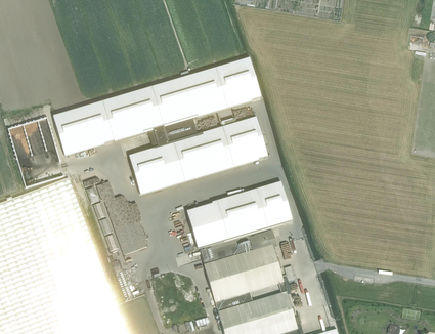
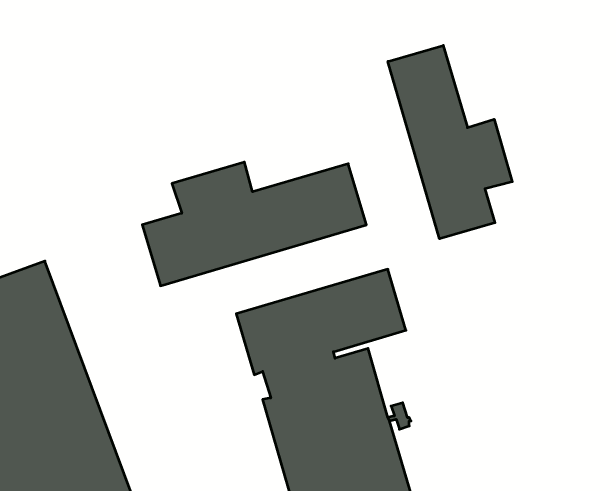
building: none -> [388,45,512,239]
building: [53,58,261,154] -> none

